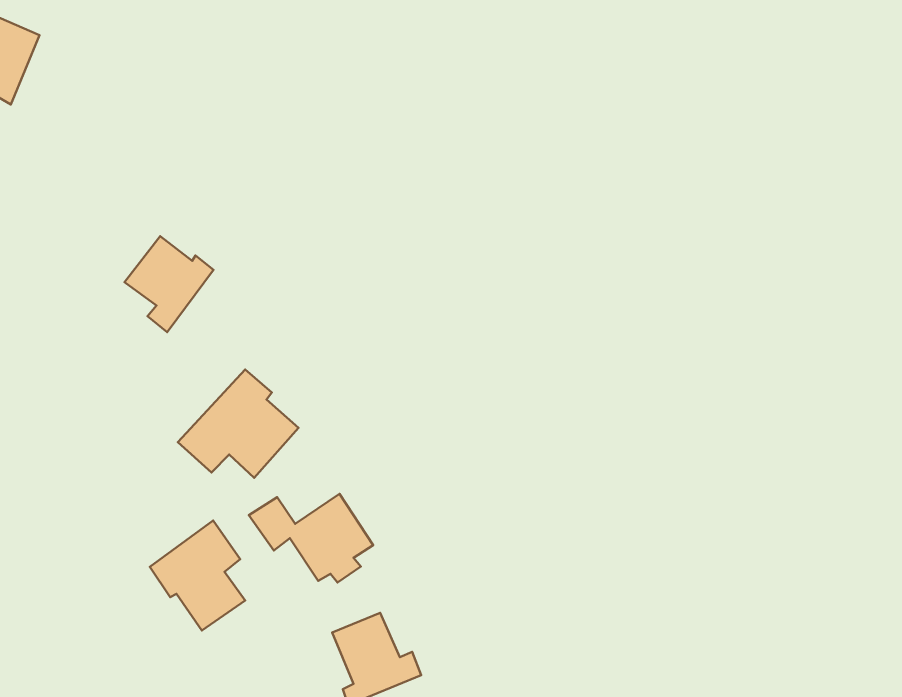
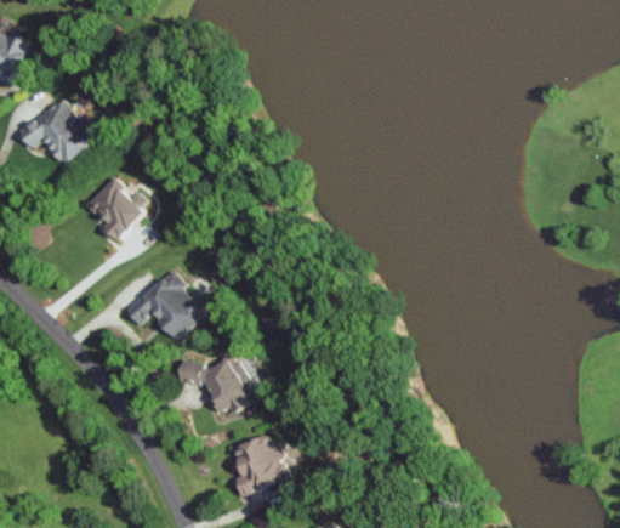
building: none -> [18,98,98,168]
building: [150,520,245,631] -> none

